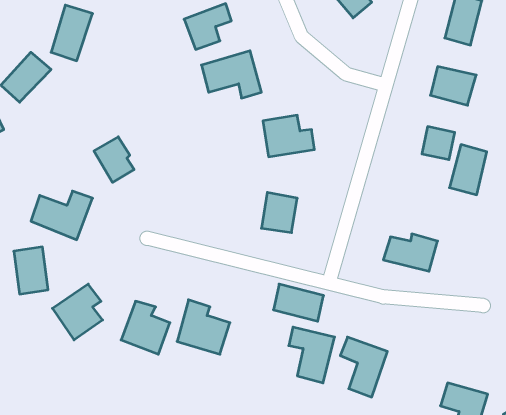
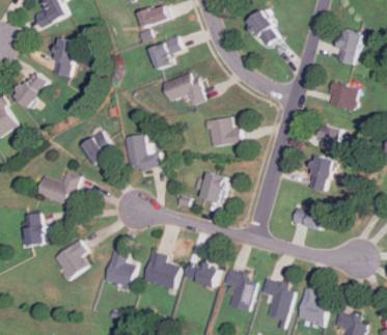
building: none -> [122,135,160,171]
building: [449,145,487,195] -> [307,156,334,192]
building: [273,284,324,321] -> [184,260,220,287]
building: none -> [295,288,329,327]

